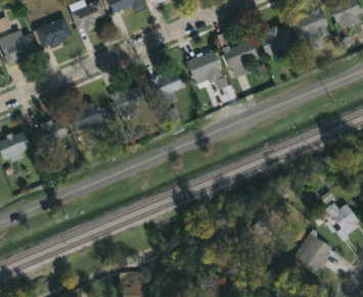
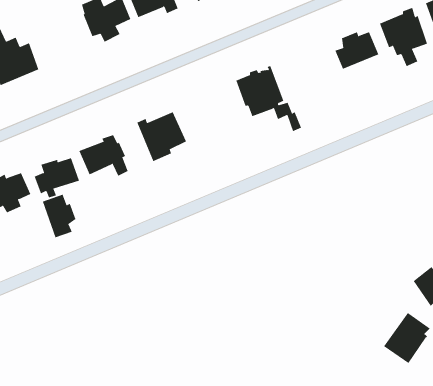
building: [34,16,73,47] -> none
building: [217,33,258,78] -> none
building: [148,71,185,107] -> none
building: none -> [42,194,76,238]

